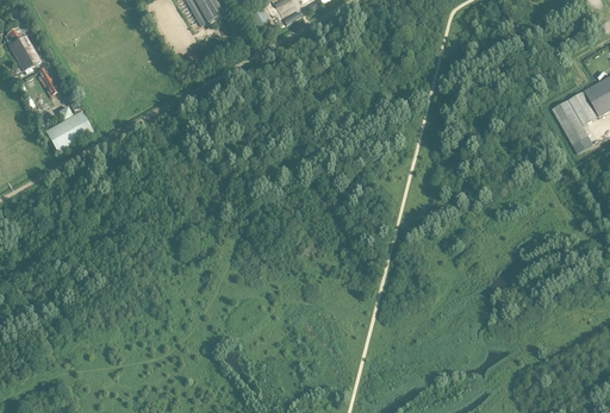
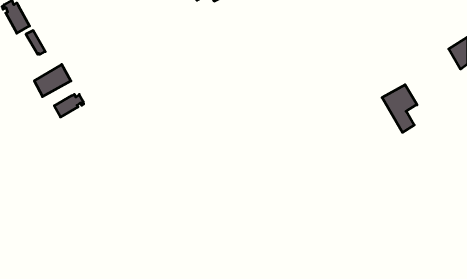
building: [550,92,596,154] -> [382,85,417,132]
building: none -> [54,94,84,117]

